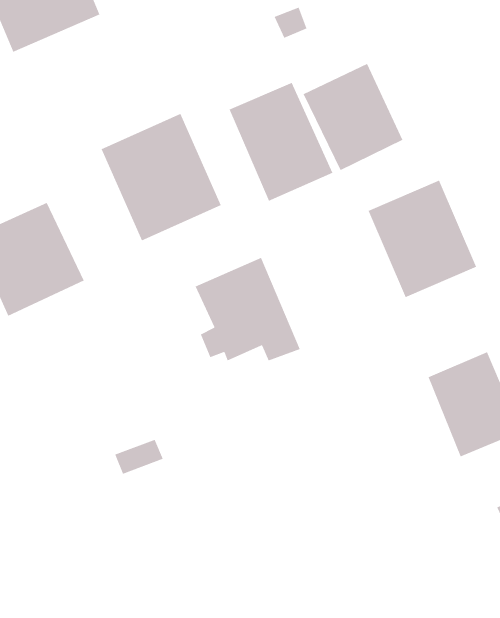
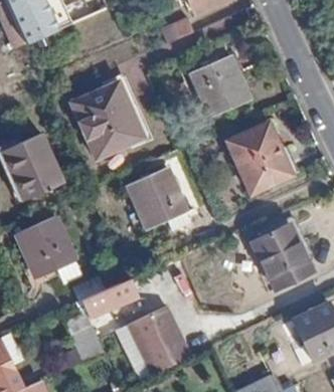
building: [229,82,333,202] -> none
building: none -> [18,214,77,276]
building: none -> [65,283,124,327]
building: none -> [130,306,194,373]

